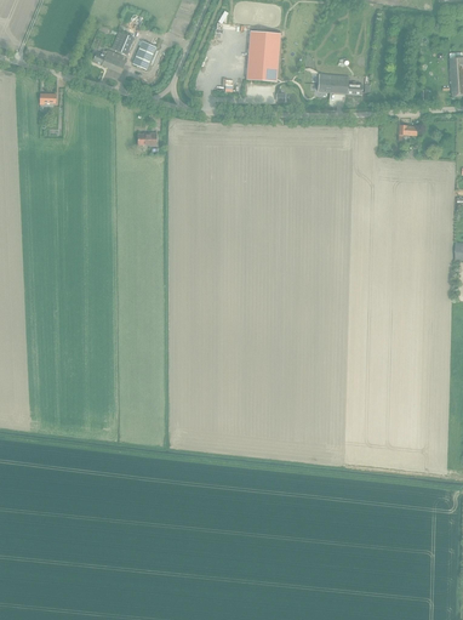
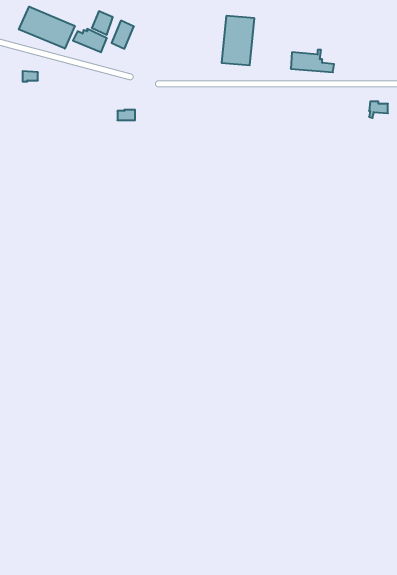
building: none -> [19,7,75,49]

